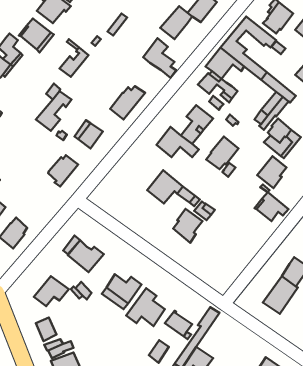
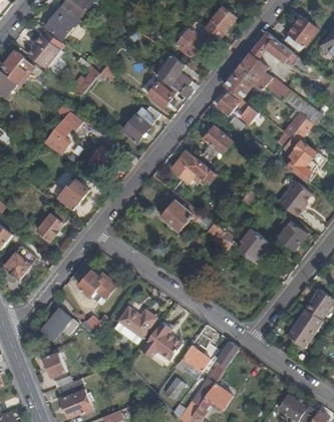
building: none -> [147,81,177,107]
building: [206,136,239,169] -> none
building: none -> [36,207,68,241]
building: [173,209,202,243] -> [238,228,269,264]

